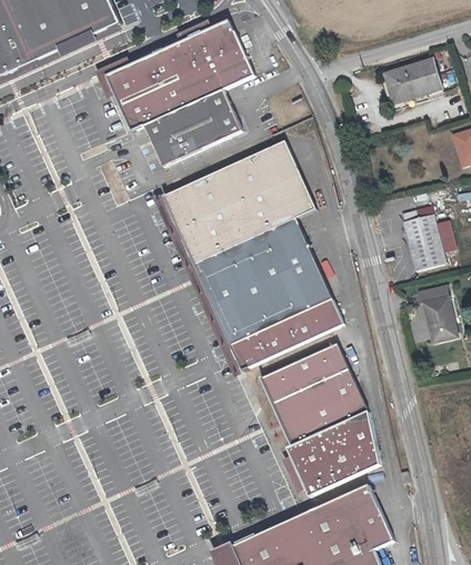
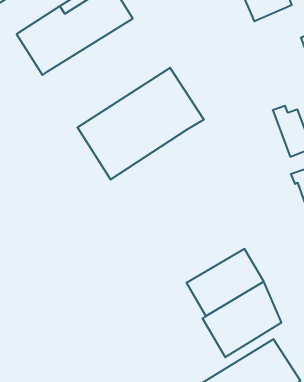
building: [138,90,236,167] -> none
building: [196,218,342,371] -> none
building: [259,345,345,403] -> none

